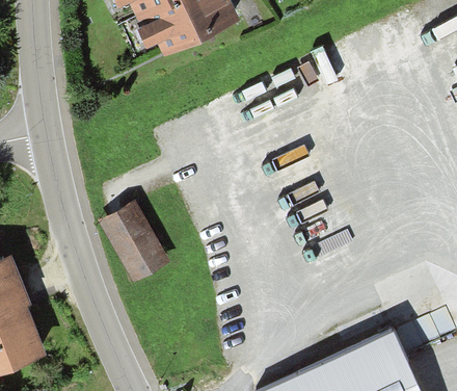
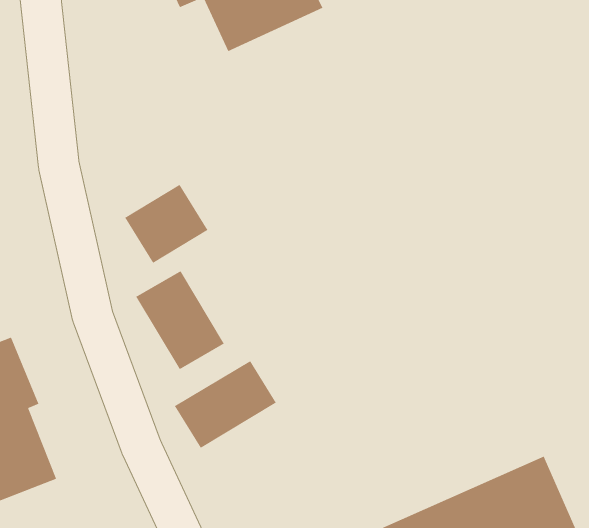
building: none -> [124,184,208,264]
building: none -> [174,360,277,449]

